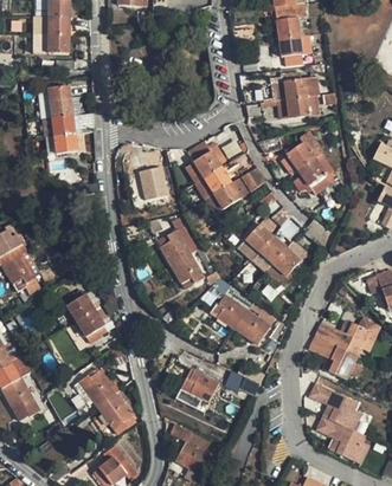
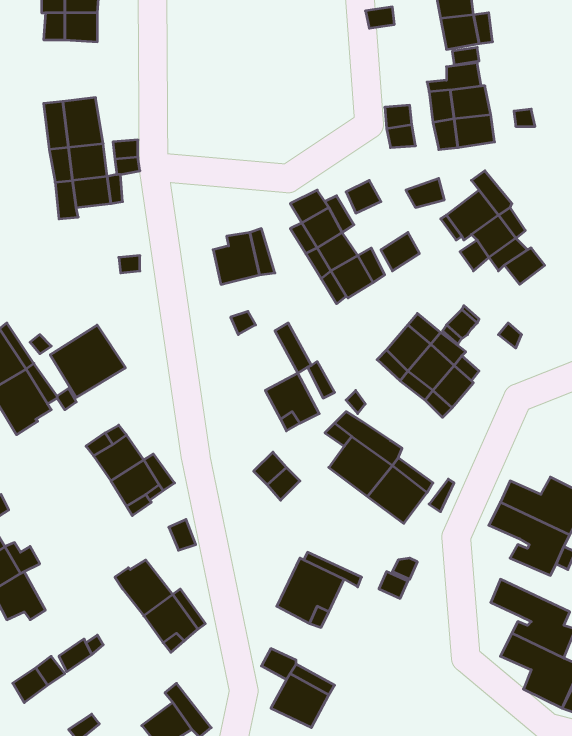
building: none -> [50,325,125,397]
building: [160,229,191,266] -> none

